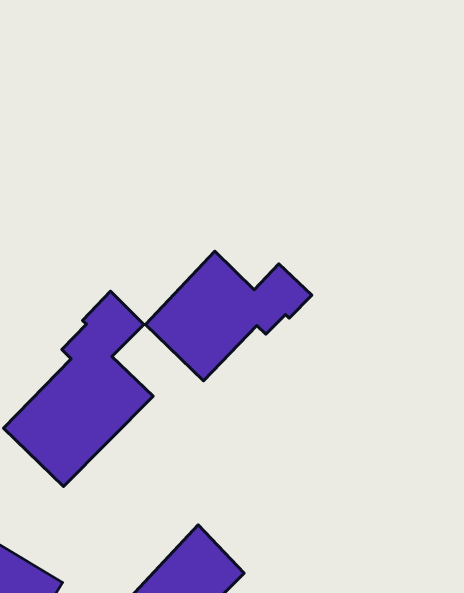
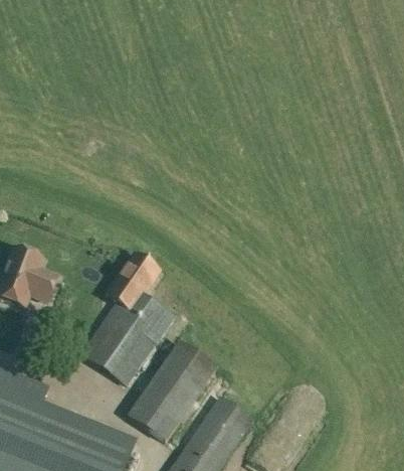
building: [146,251,312,381] -> none
building: none -> [126,342,217,442]

